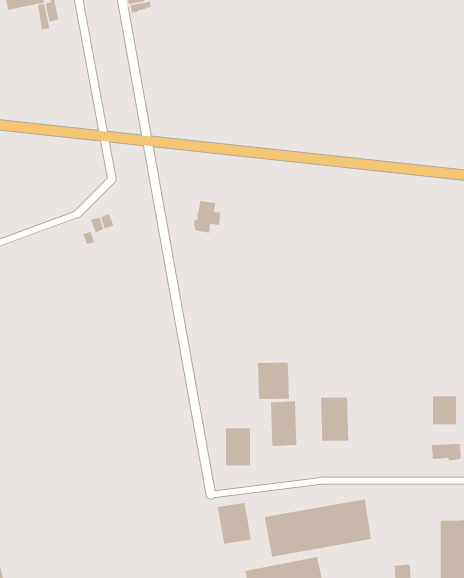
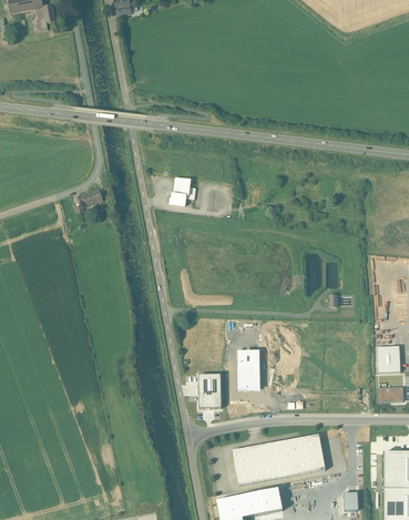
building: [257,362,290,400] -> none
building: [320,397,349,442] -> none
building: [217,502,252,545] -> none

